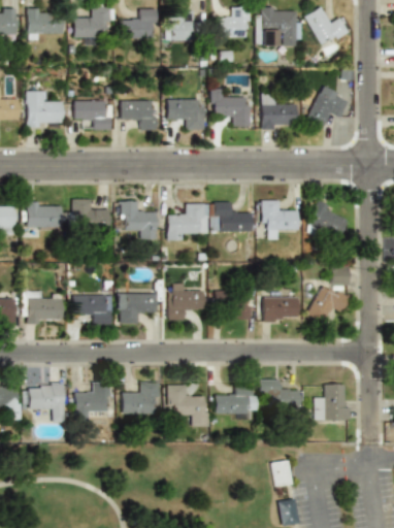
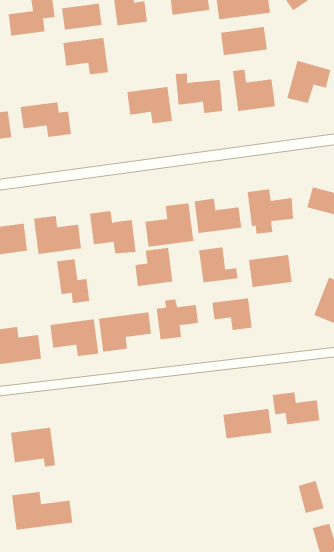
building: none -> [221,26,267,56]
building: [120,100,157,131] -> [63,38,109,75]
building: none -> [57,259,90,304]
building: none -> [135,247,173,287]
building: none -> [199,247,238,283]
building: [262,297,298,322] -> [248,254,292,288]
building: [74,382,110,412] -> none
building: [121,382,159,414] -> none
building: [167,385,207,425] -> none
building: none -> [11,491,73,531]

